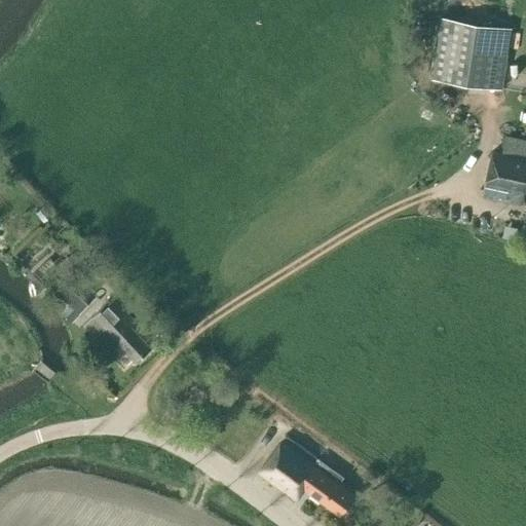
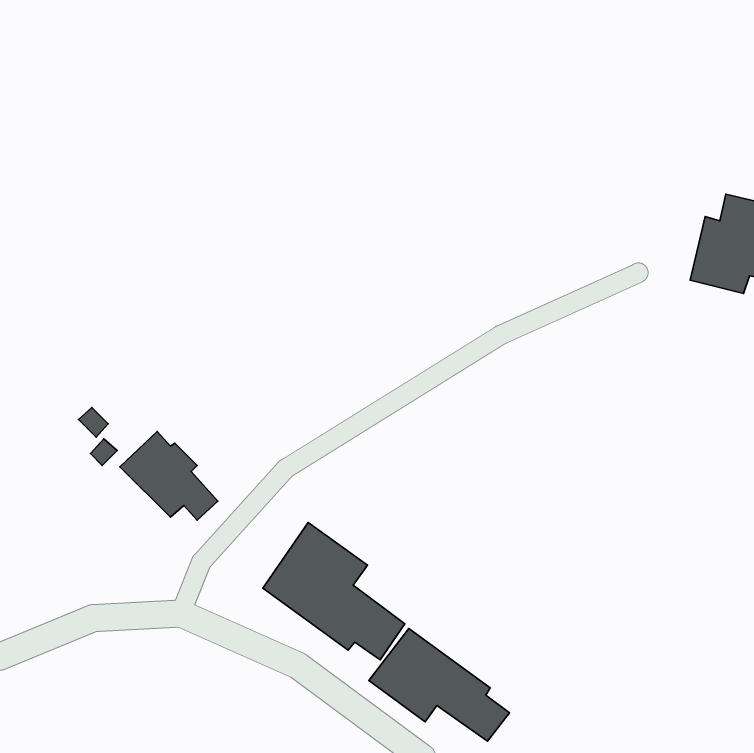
building: [434,20,513,91] -> none
building: none -> [263,523,405,660]

